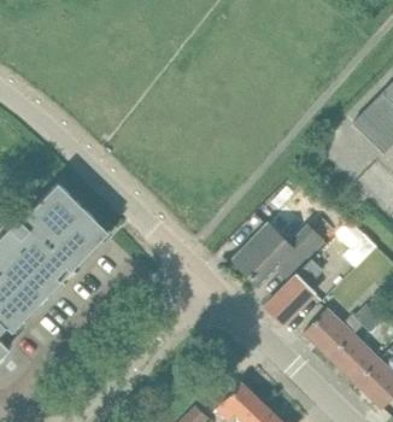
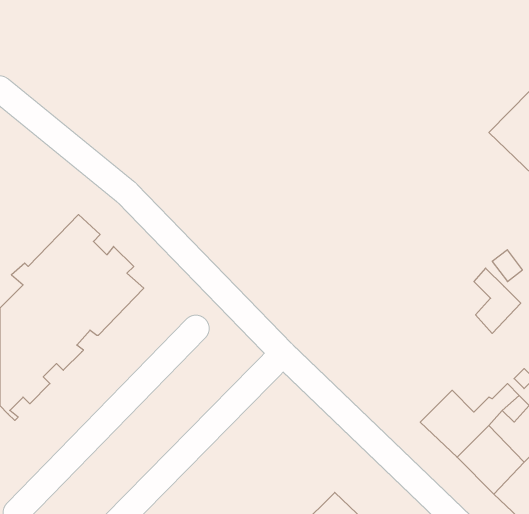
building: [233,224,322,286] -> none
building: [264,260,319,326] -> none

